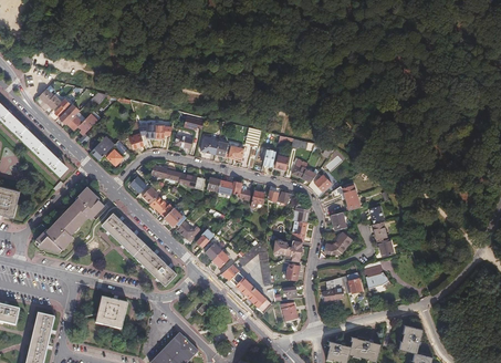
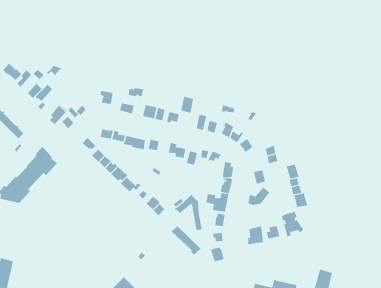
building: [103,214,177,286] -> none
building: [95,298,126,330] -> none

